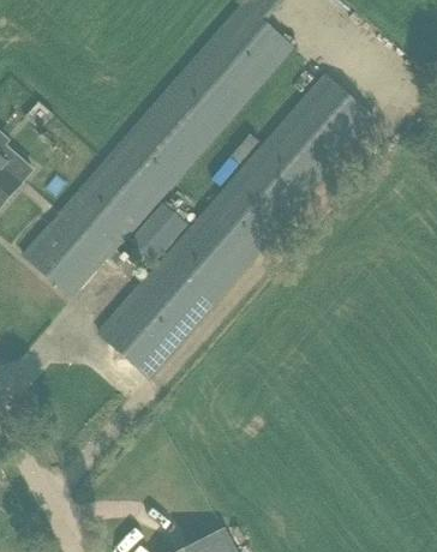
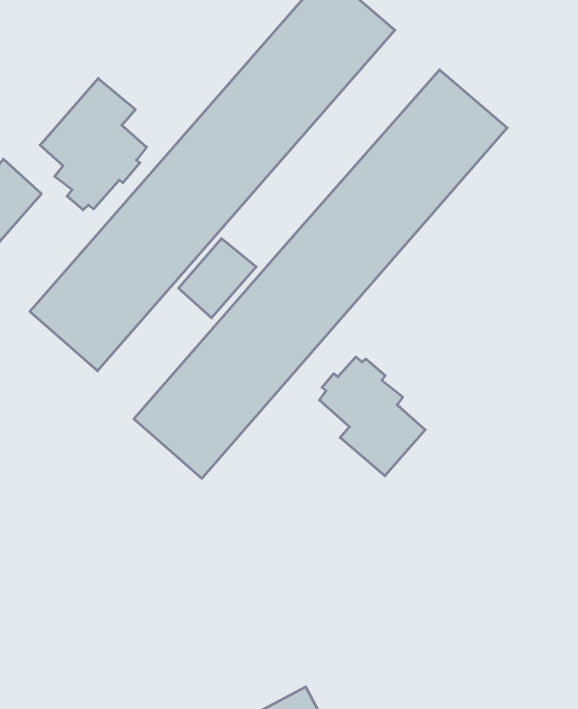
building: none -> [40,78,147,210]
building: none -> [319,357,425,476]

